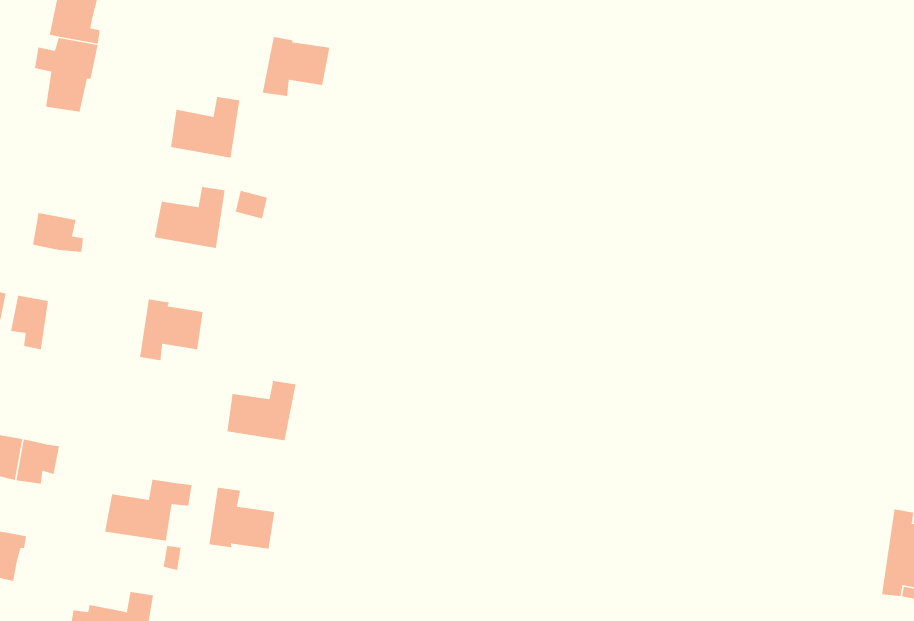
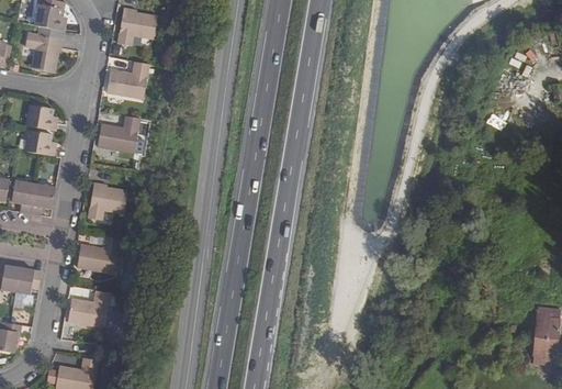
building: [262,36,330,97] -> [116,9,157,45]
building: none -> [25,105,56,131]
building: none -> [30,184,55,215]
building: [226,380,296,441] -> [77,236,119,273]
building: [209,487,275,550] -> none

